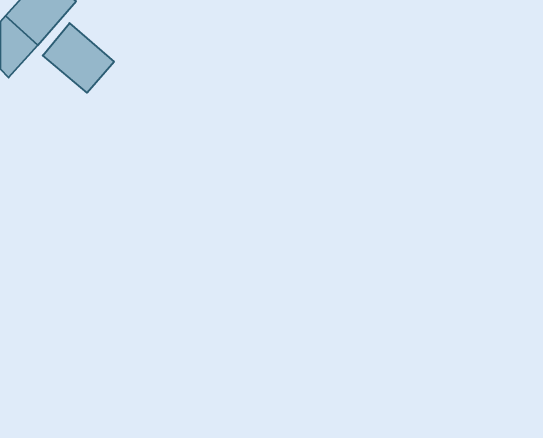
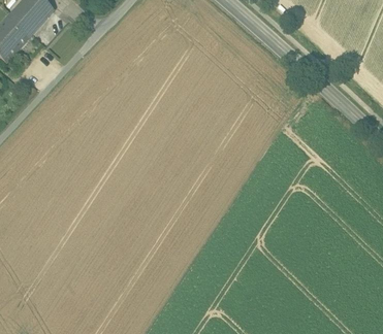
building: [43,23,114,93] -> none

